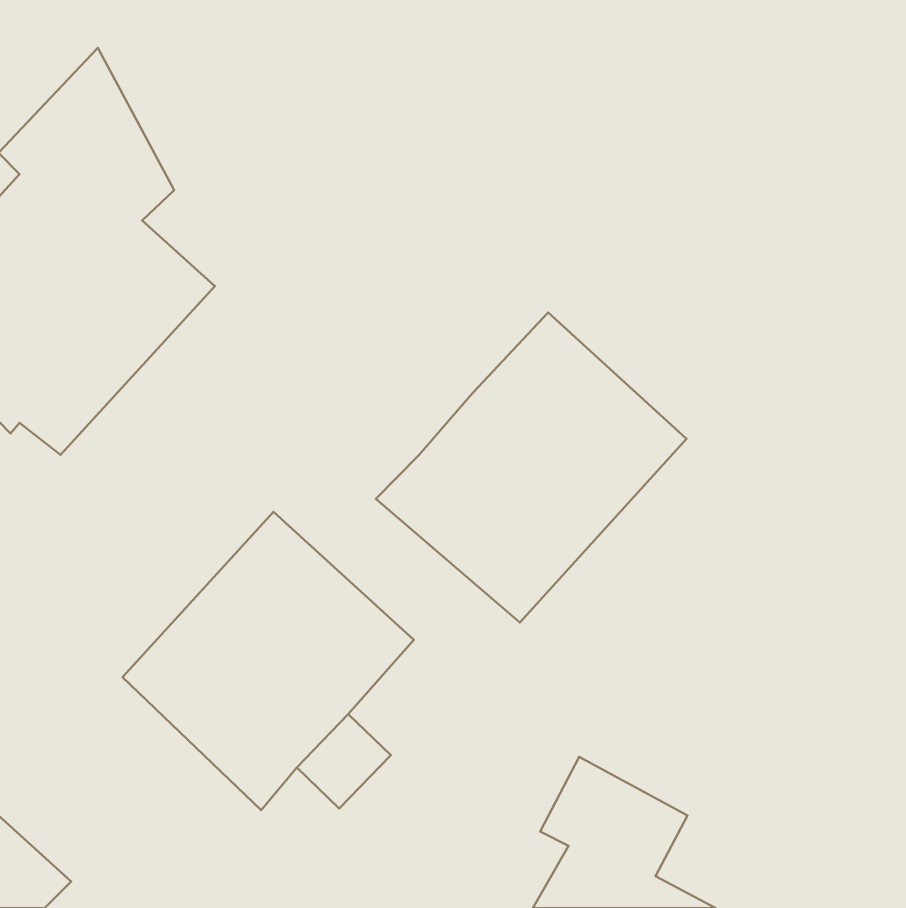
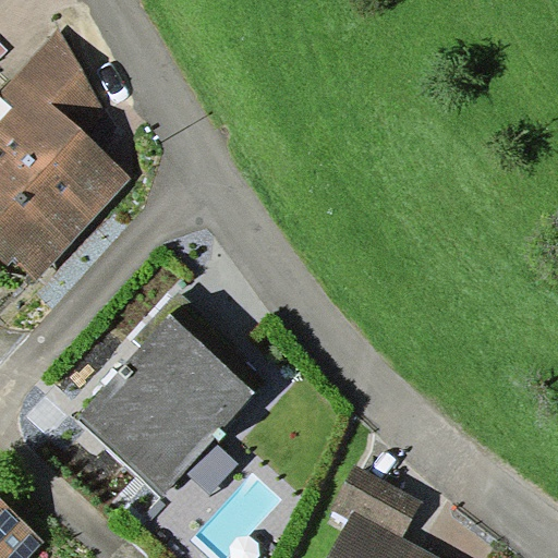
building: [376,313,687,622] -> none

